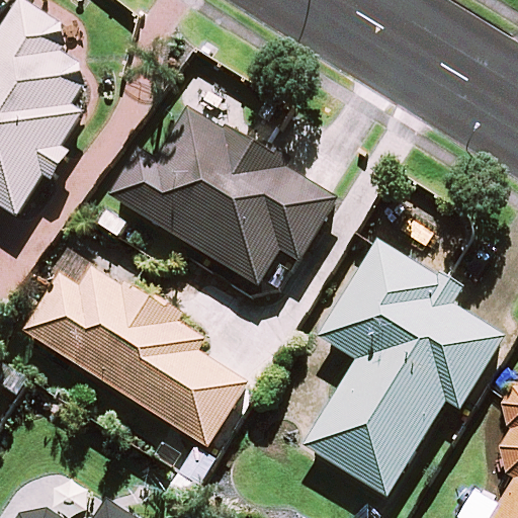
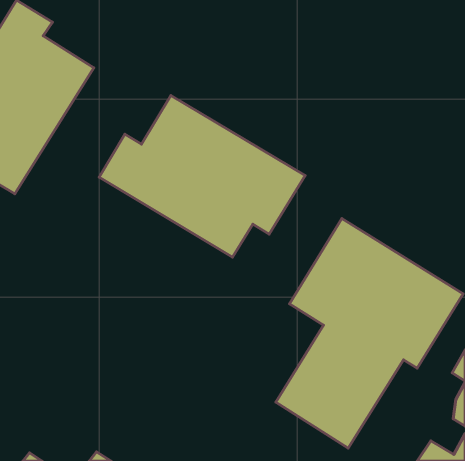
building: [24,267,244,444] -> none

